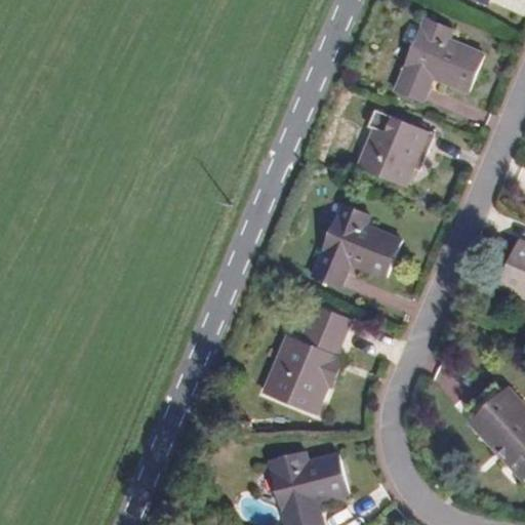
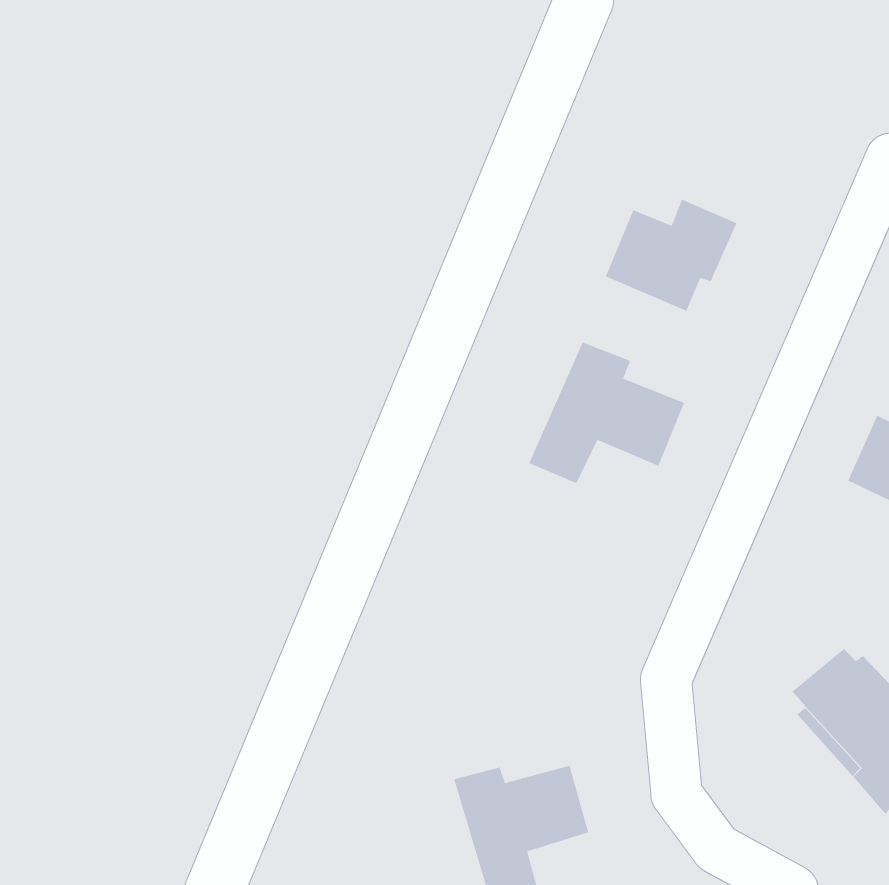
building: [396,15,484,96] -> none
building: [264,305,352,413] -> none

